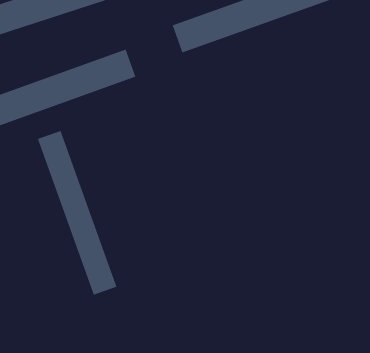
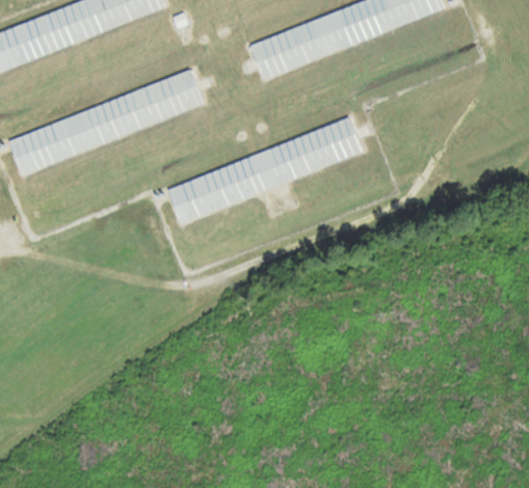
building: none -> [166,123,365,218]
building: [37,130,117,295] -> none

